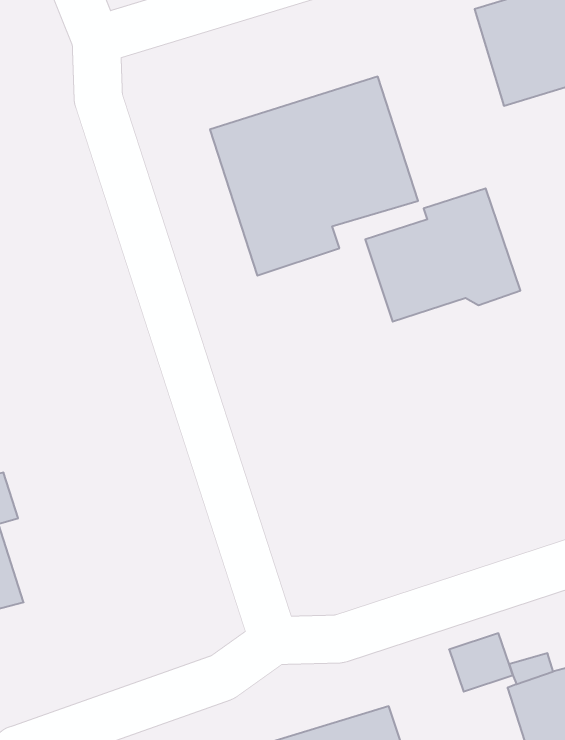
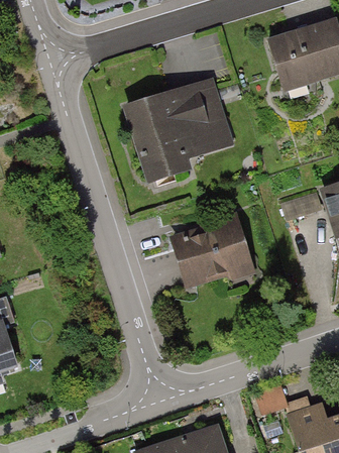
building: [365,188,520,322] -> [171,215,256,289]

